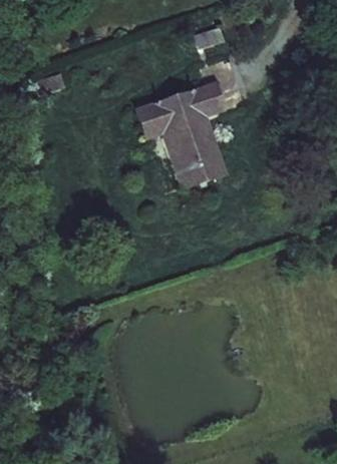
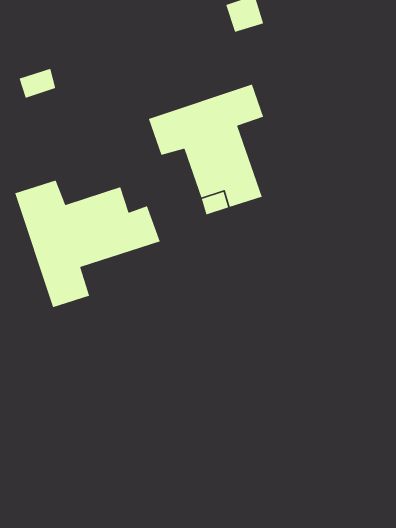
building: none -> [14,179,161,308]

